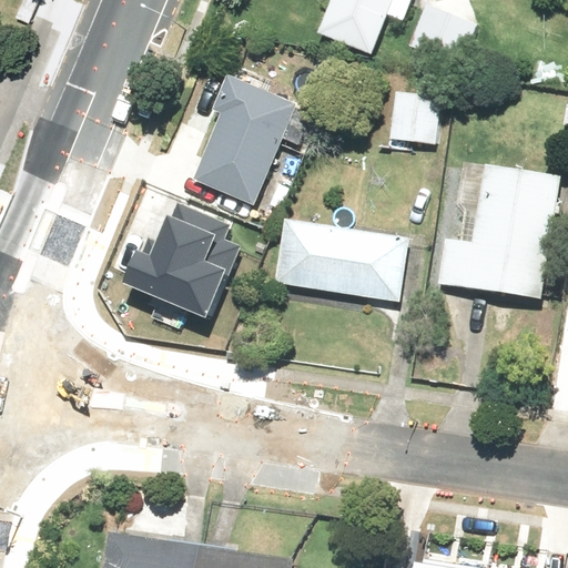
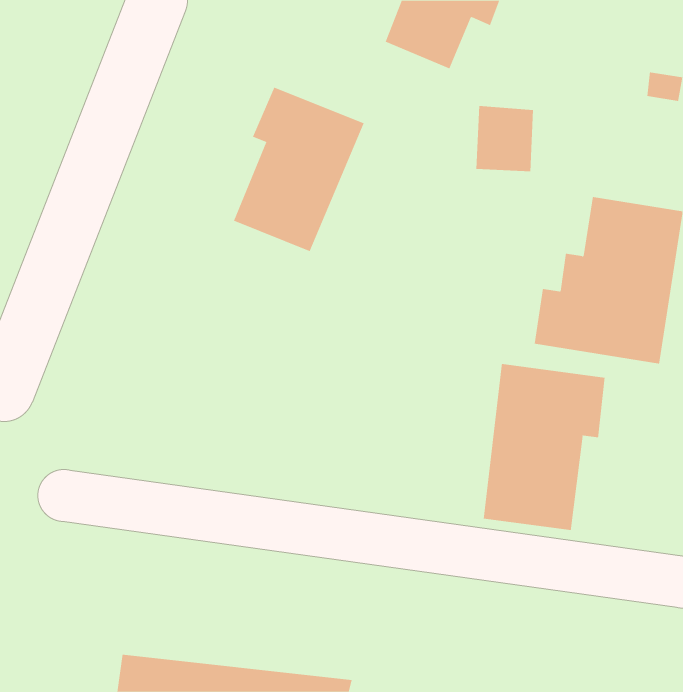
building: [125,206,239,321] -> none
building: [275,219,412,302] -> none
building: none -> [483,363,605,531]

